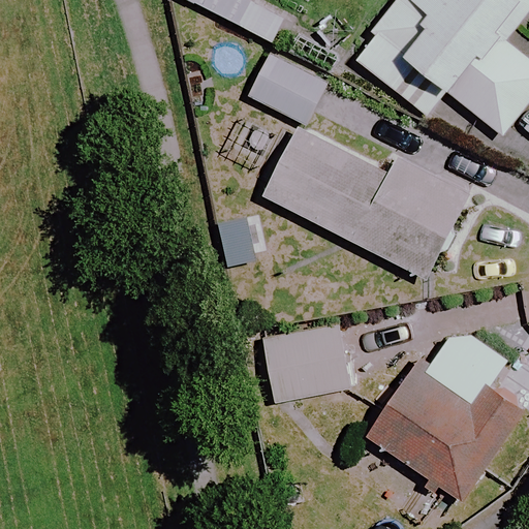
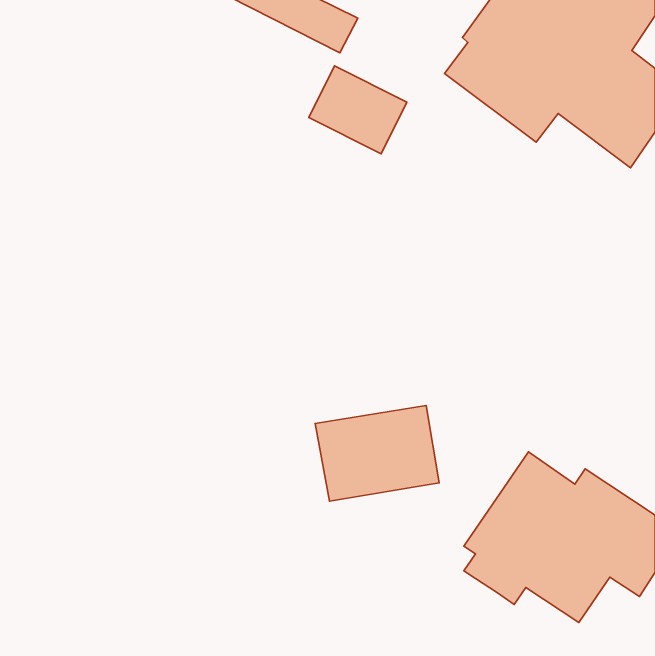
building: [256,127,471,279] -> none

